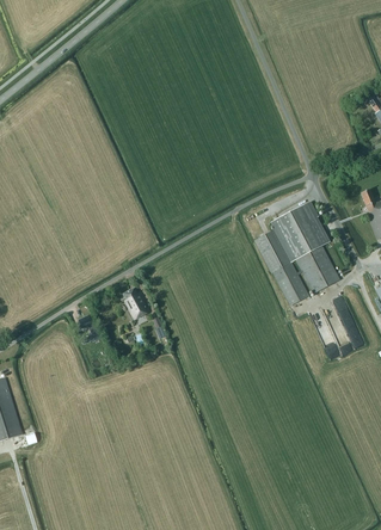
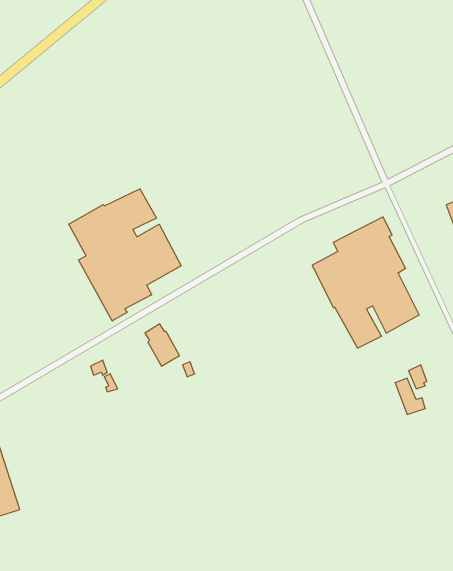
building: none -> [69,189,181,321]

